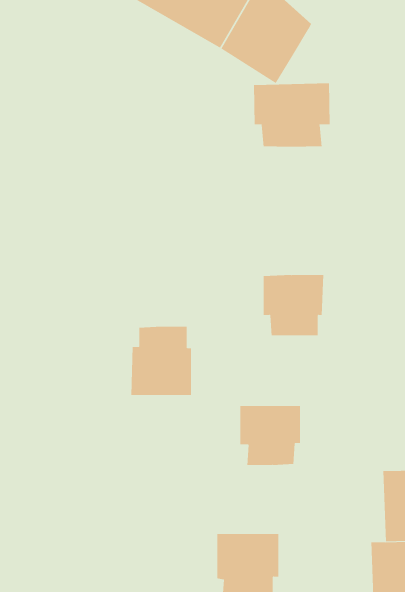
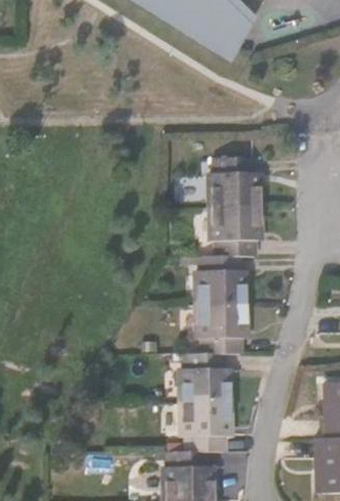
building: [253,83,330,148] -> none
building: none -> [220,162,266,210]
building: [130,326,192,396] -> [202,256,249,308]
building: none -> [185,353,232,404]

